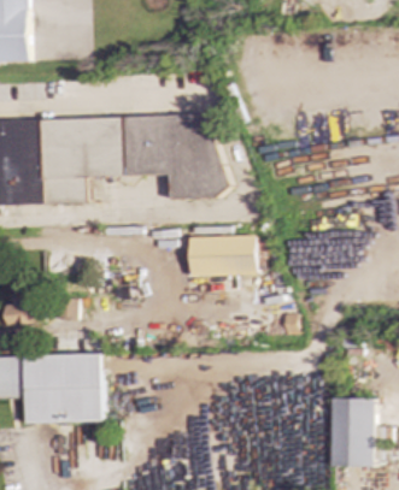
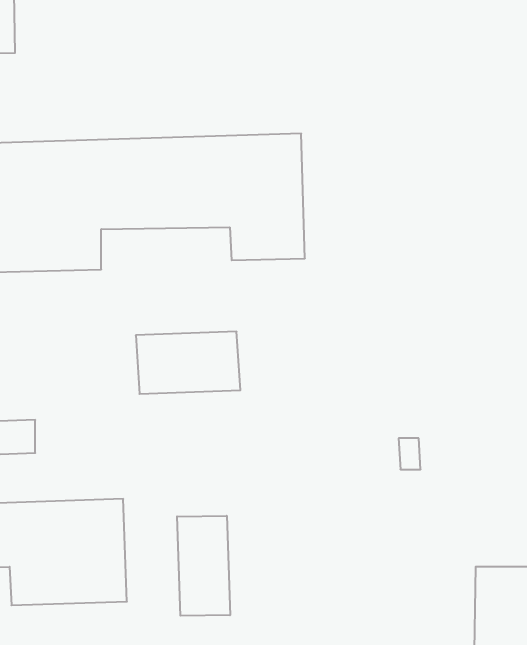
building: [188,235,257,276] -> [136,332,240,394]
building: none -> [177,516,230,616]

